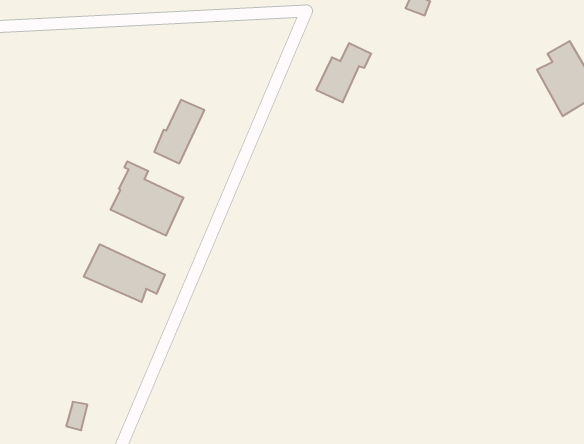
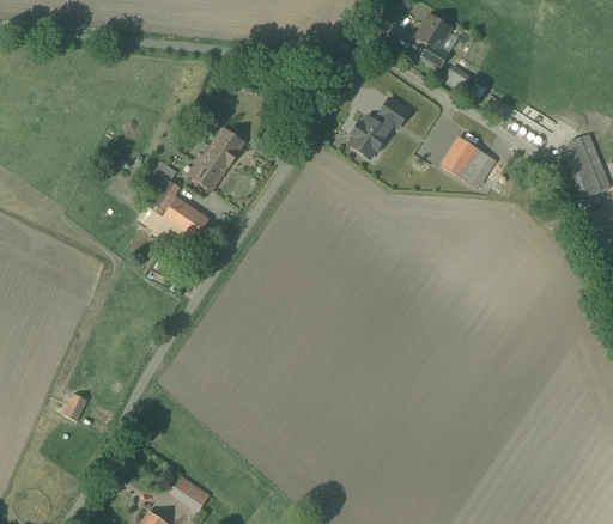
building: none -> [441,135,494,185]
building: [84,244,165,302] -> none

